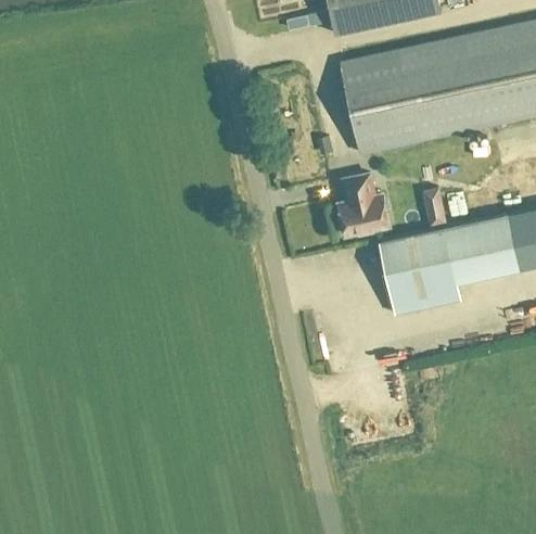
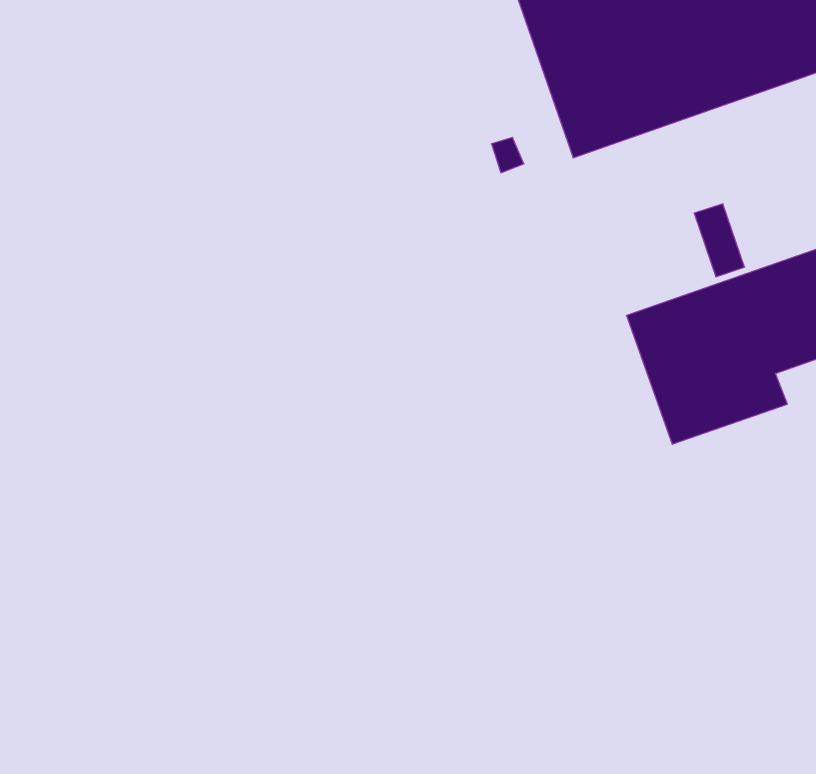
building: [337,174,388,237] -> none

